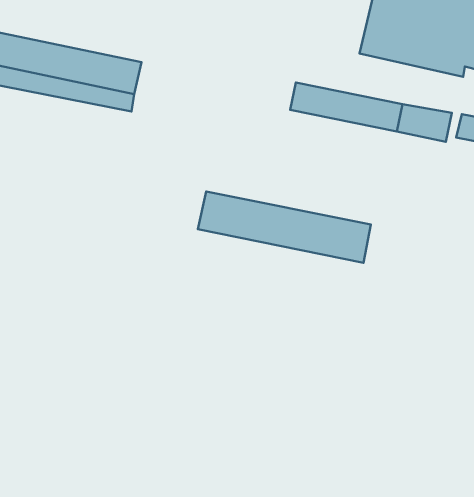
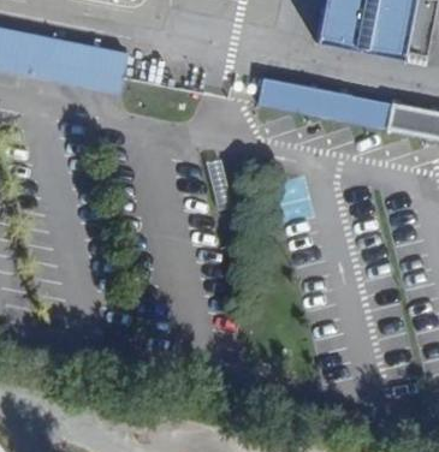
building: [198,191,371,263] -> none

